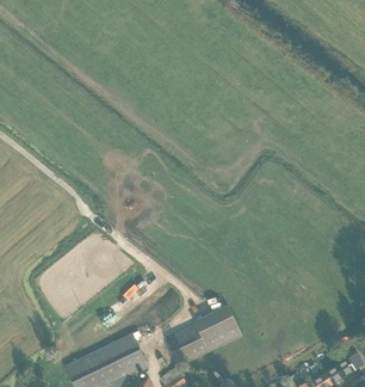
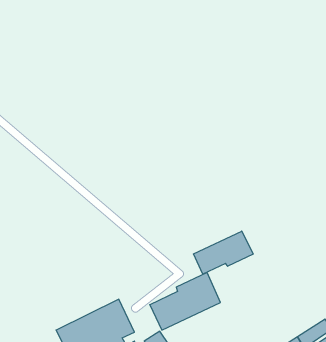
building: none -> [193,231,253,274]

